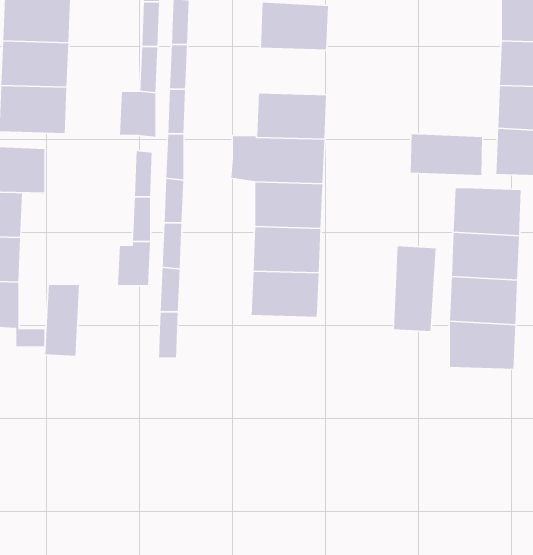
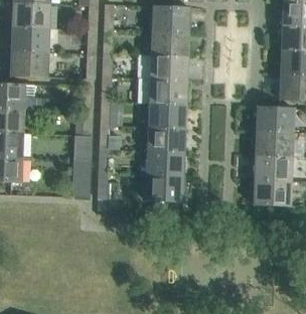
building: none -> [151,30,188,55]
building: [410,134,483,176] -> none
building: [393,246,437,332] -> none
building: [45,284,80,357] -> [72,159,92,198]
building: none -> [146,175,183,212]

